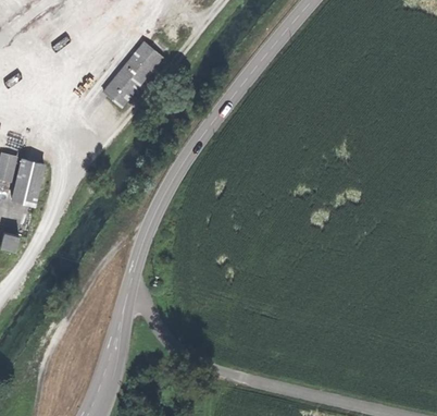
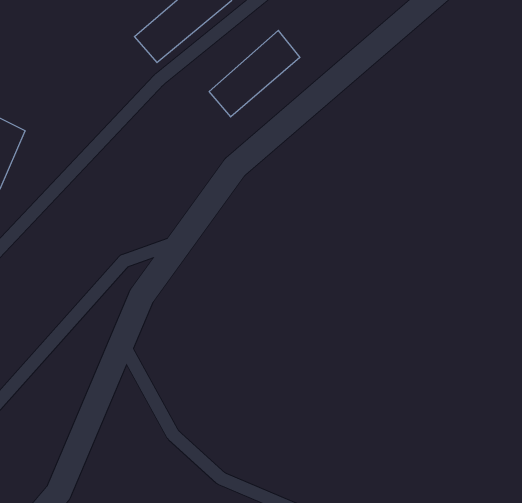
building: none -> [209,30,300,117]

